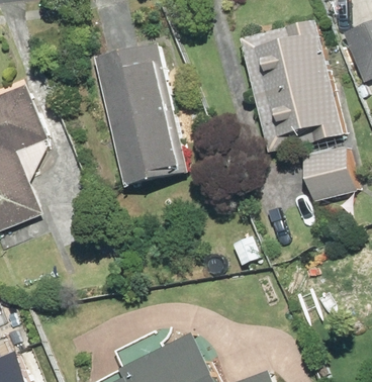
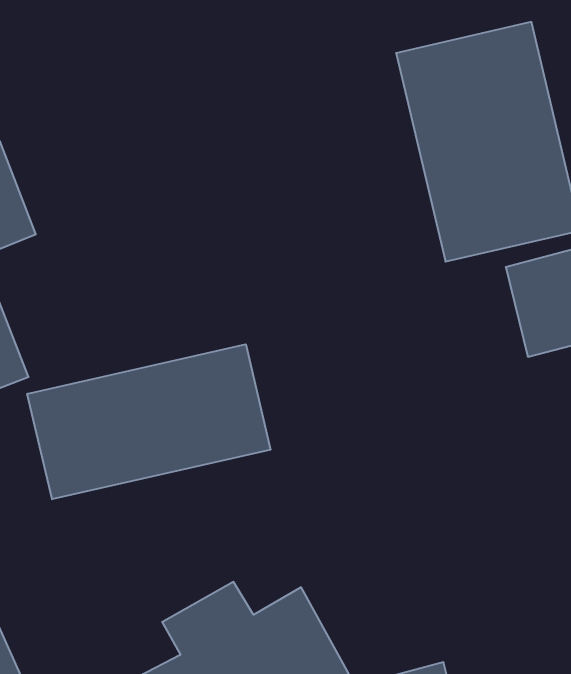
building: [95,41,190,186] -> none
building: none -> [27,344,271,499]

